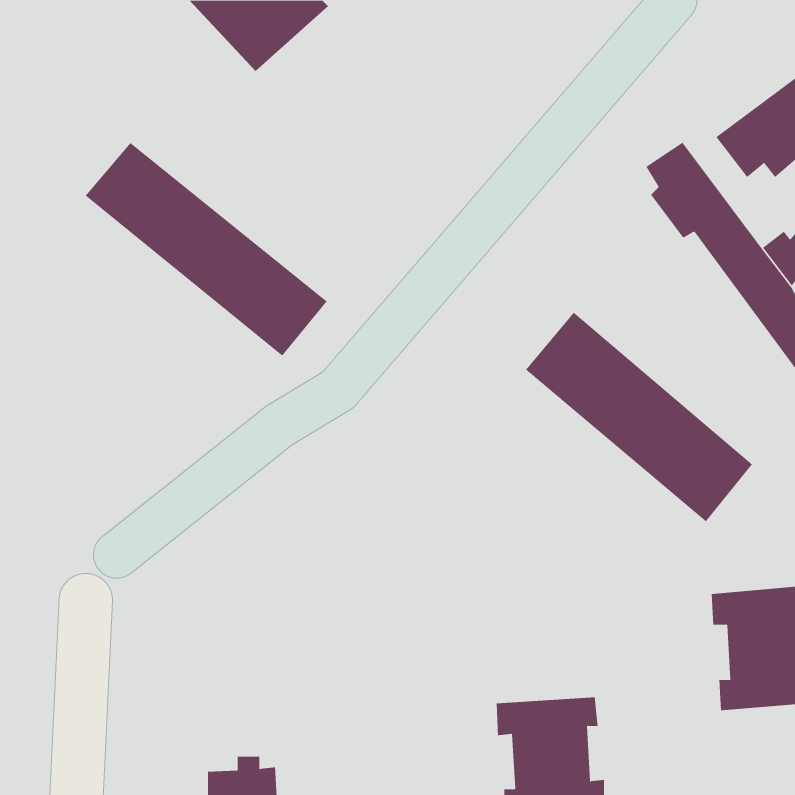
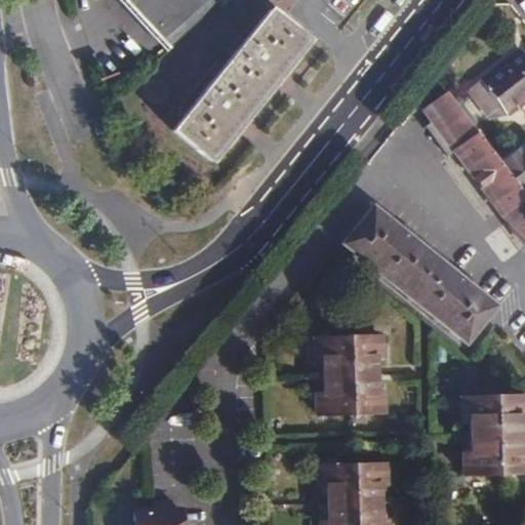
building: none -> [174,9,310,161]
building: [85,142,328,356] -> none
building: none -> [315,330,388,412]

